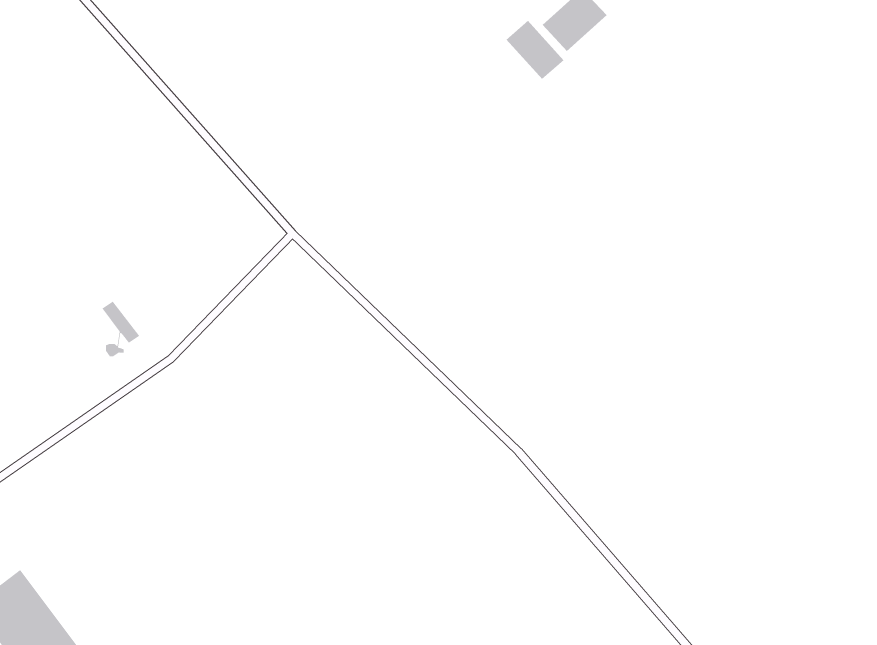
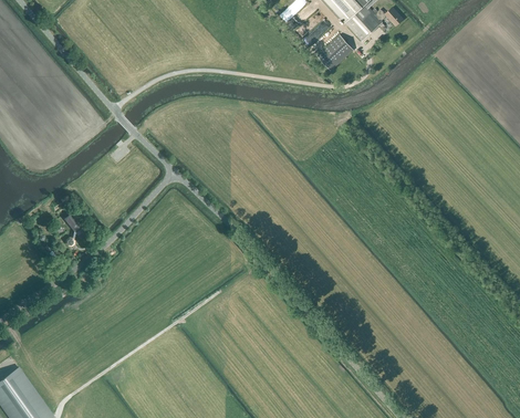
building: [506,20,564,80] -> none

